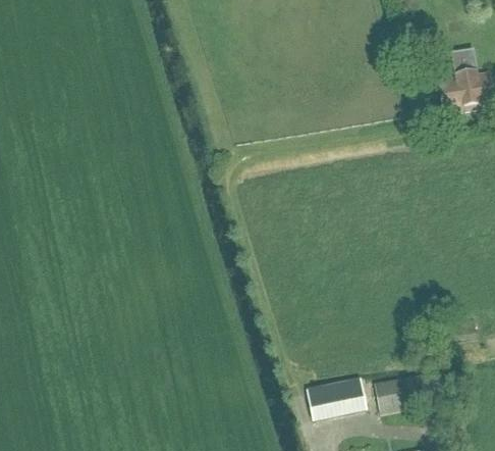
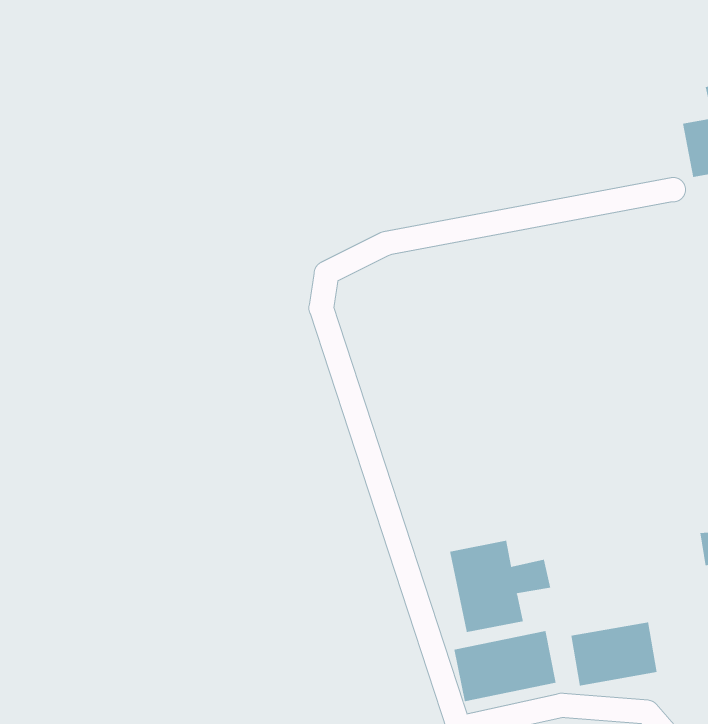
building: none -> [450,540,551,633]

